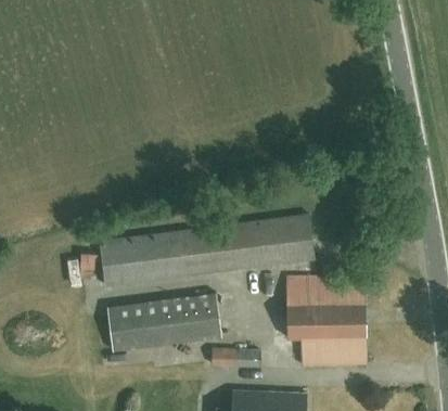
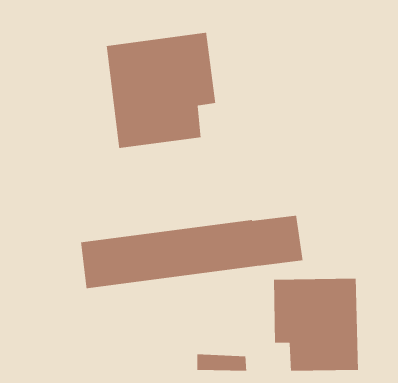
building: none -> [106,32,216,149]
building: [107,293,221,350] -> none

